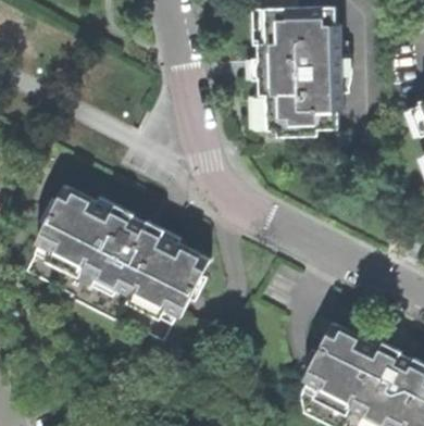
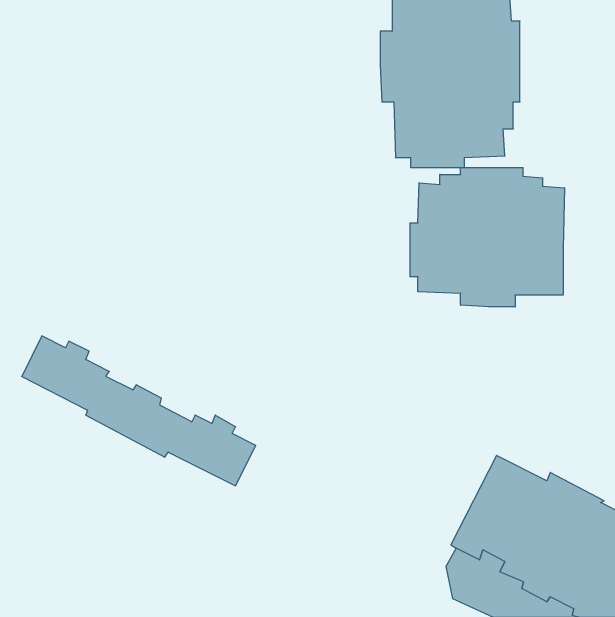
building: none -> [410,168,564,307]
building: [36,183,211,315] -> none

